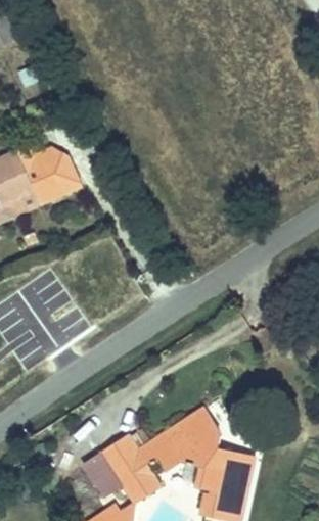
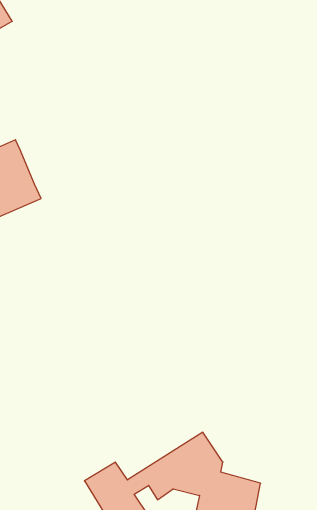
building: [32,149,74,186] -> none

